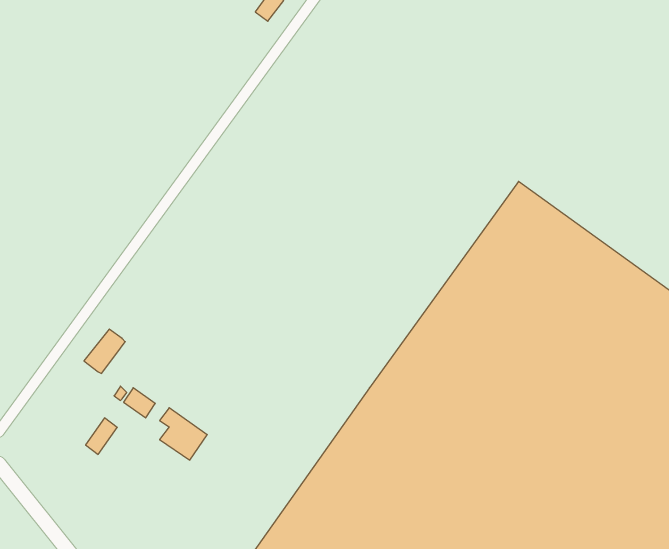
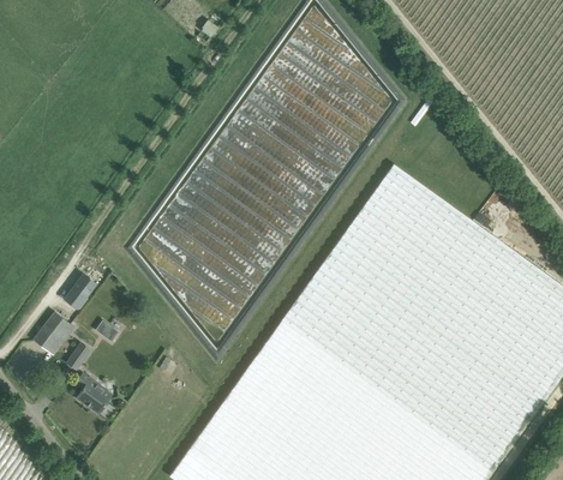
building: none -> [34,313,76,356]
building: [160,408,207,460] -> [76,374,112,414]

